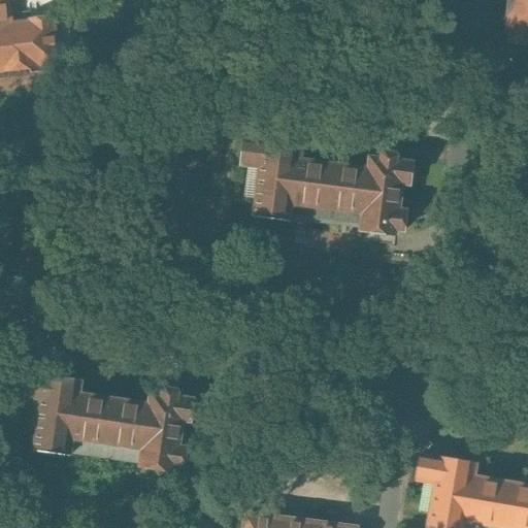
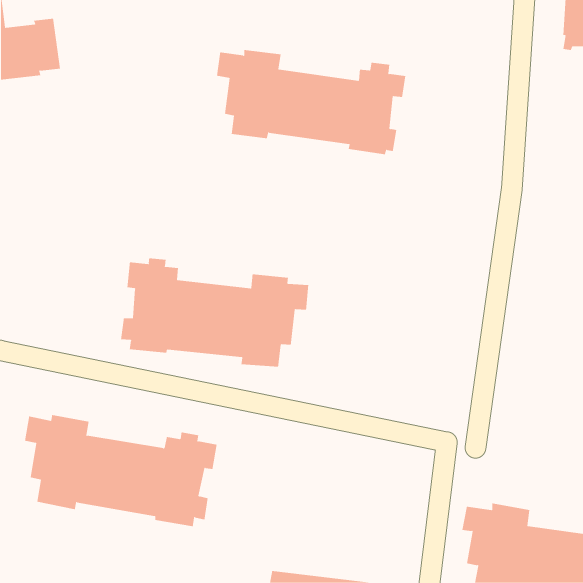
building: [241,142,412,237] -> [216,50,406,155]
building: none -> [121,258,309,367]

